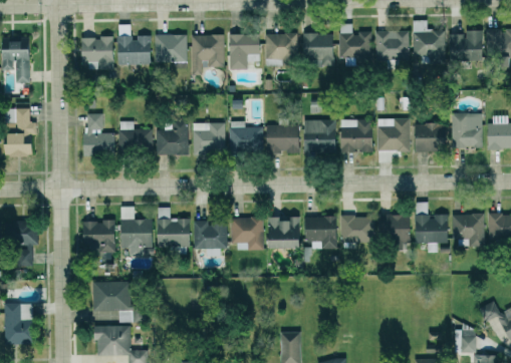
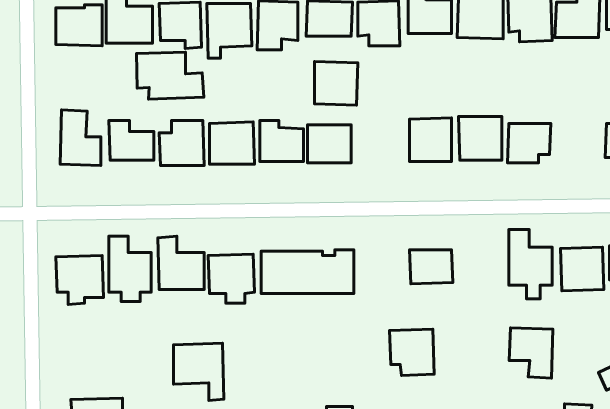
building: none -> [136,52,204,99]
building: [452,113,483,147] -> none
building: [304,119,336,151] -> [314,62,358,105]
building: [376,214,409,251] -> [509,328,553,378]
building: [304,216,337,250] -> [389,329,434,375]
building: [92,281,130,323] -> [173,343,224,400]

